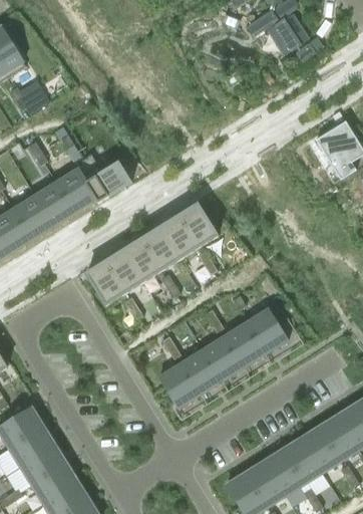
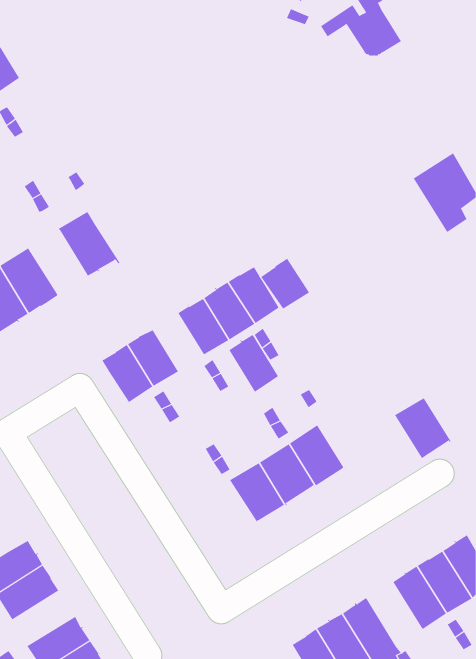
building: [75,154,130,202] -> none
building: [31,177,75,226] -> none
building: none -> [260,258,310,310]
building: [123,239,160,282] -> [229,334,279,392]
building: [245,308,287,353] -> [394,398,451,459]
building: [157,362,200,409] -> none
building: [281,438,322,485] -> none
building: [19,444,66,485] -> none

